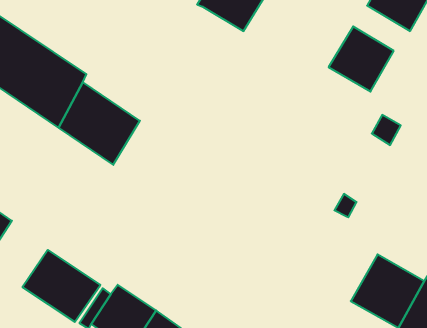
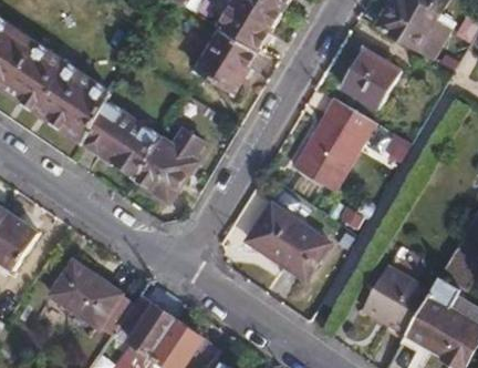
building: none -> [195,29,259,93]
building: none -> [293,98,375,193]
building: none -> [135,129,204,203]
building: none -> [247,204,330,280]

